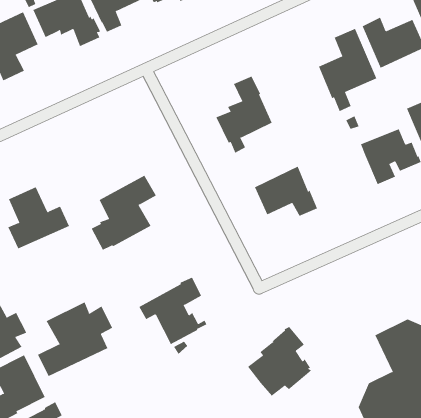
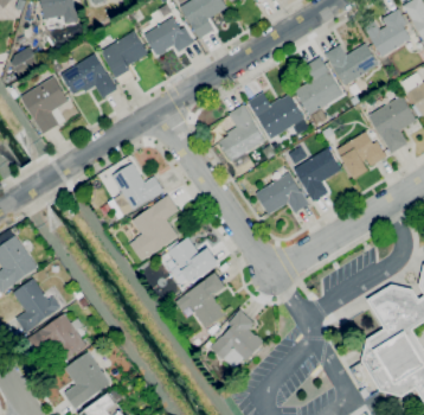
building: none -> [248,91,304,138]
building: none -> [294,148,341,202]
building: [7,186,70,249] -> [111,162,163,215]
building: none -> [161,236,219,283]
building: [37,301,113,377] -> none
building: [247,326,312,396] -> [211,309,263,368]

